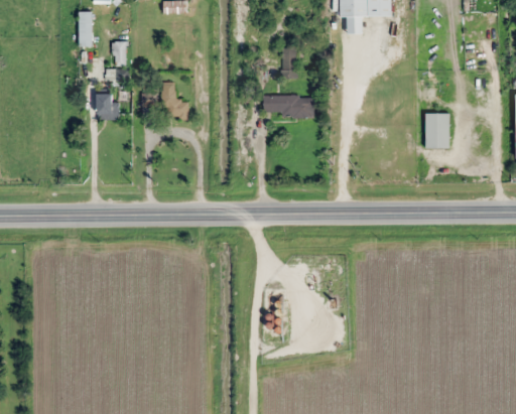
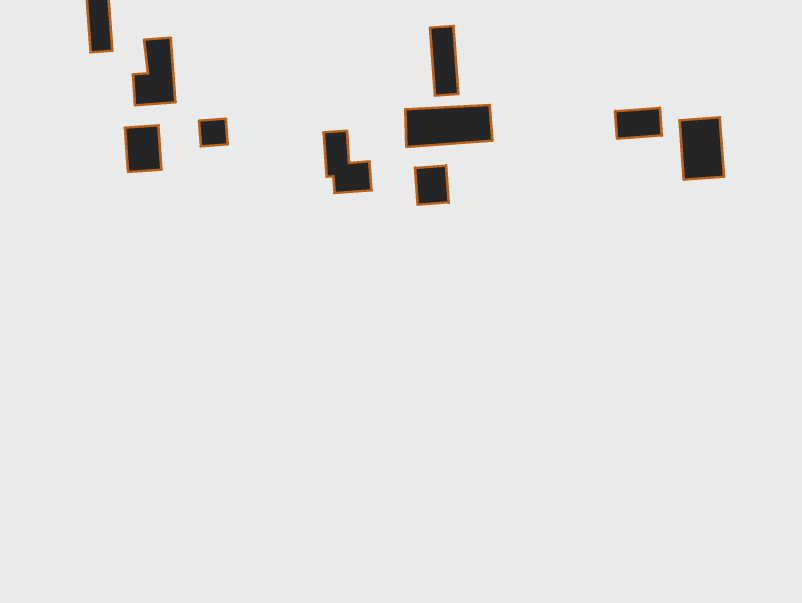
building: [162,83,188,119] -> [323,131,372,193]
building: none -> [615,108,662,139]
building: none -> [415,165,449,205]

